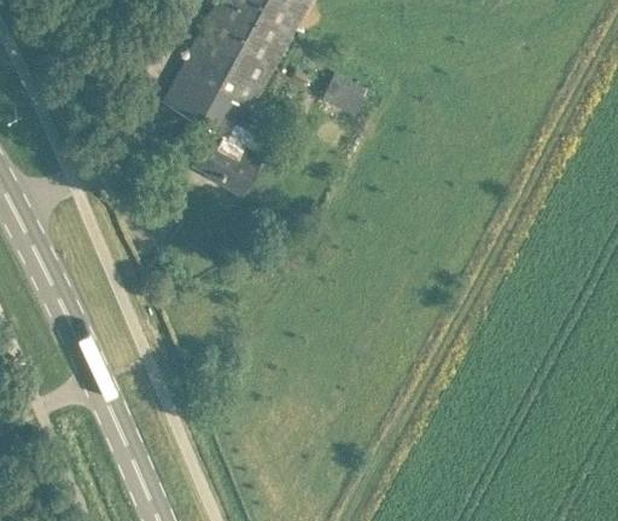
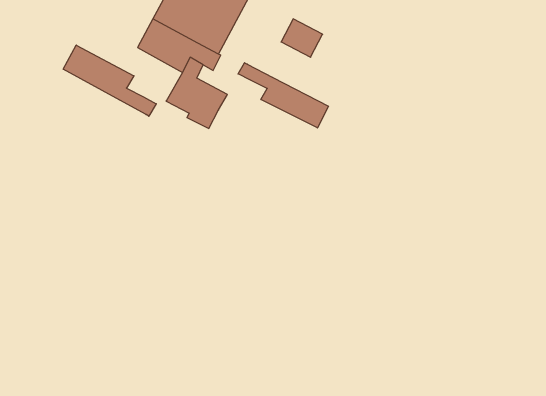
building: none -> [63,45,156,116]
building: none -> [238,63,328,128]

